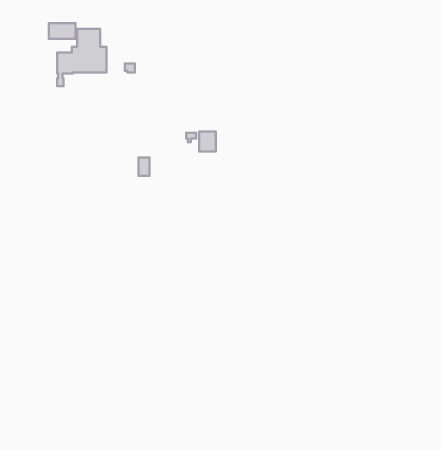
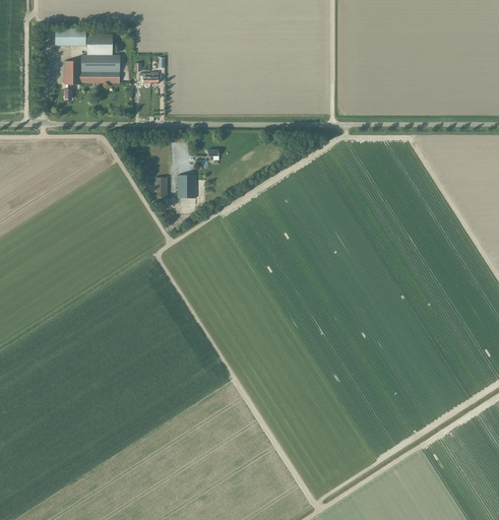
building: [199,132,216,152] -> [178,175,196,197]

